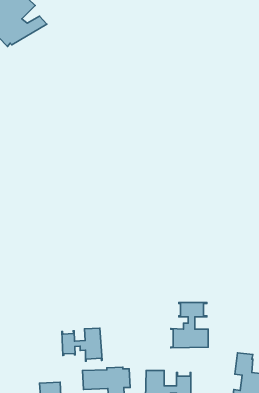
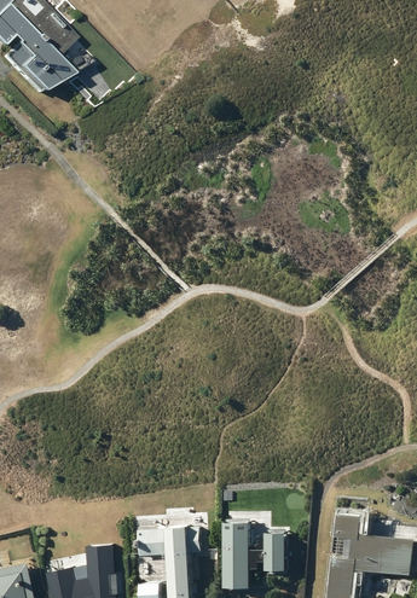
building: [171,303,208,348] -> none
building: [62,328,102,361] -> none

